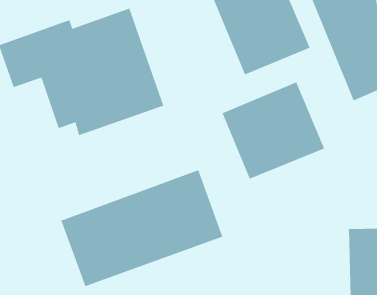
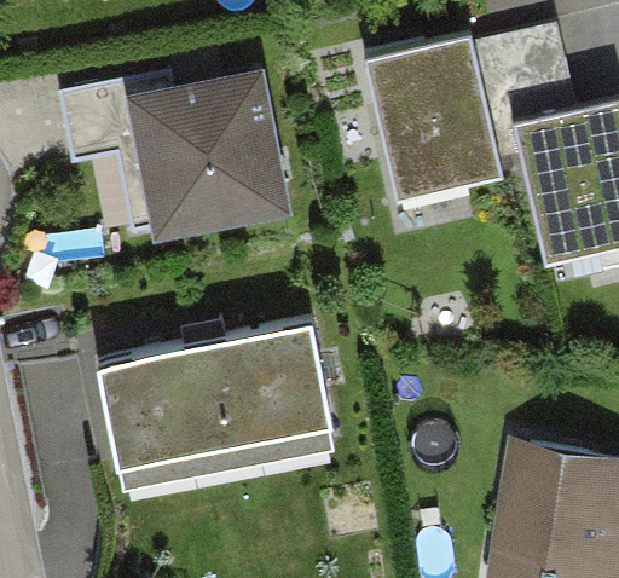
building: [222,81,325,179] -> none

